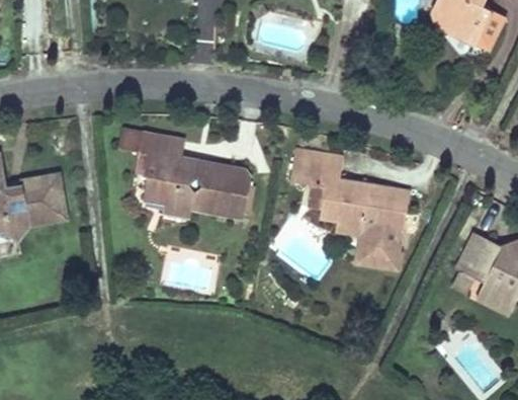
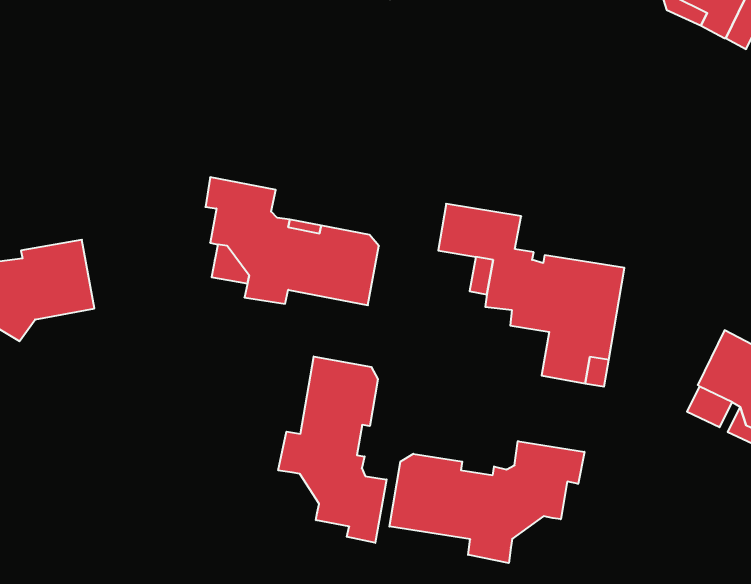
building: none -> [278,356,387,543]
building: none -> [389,441,584,563]

